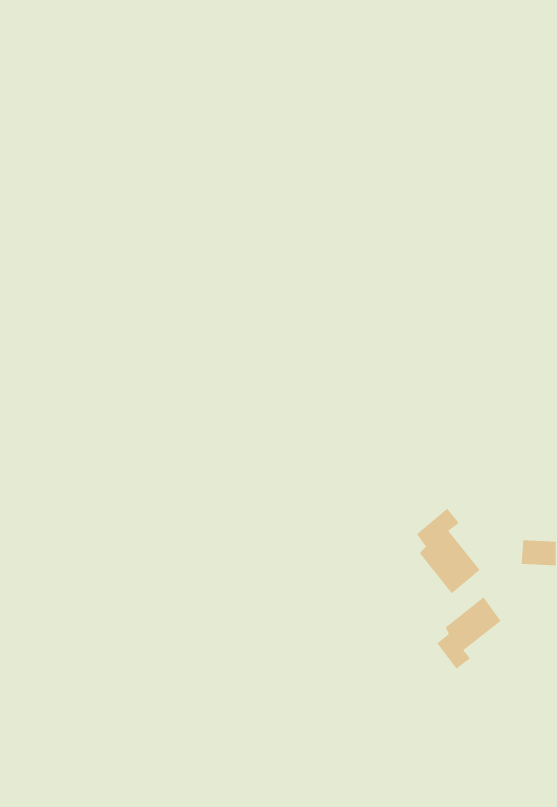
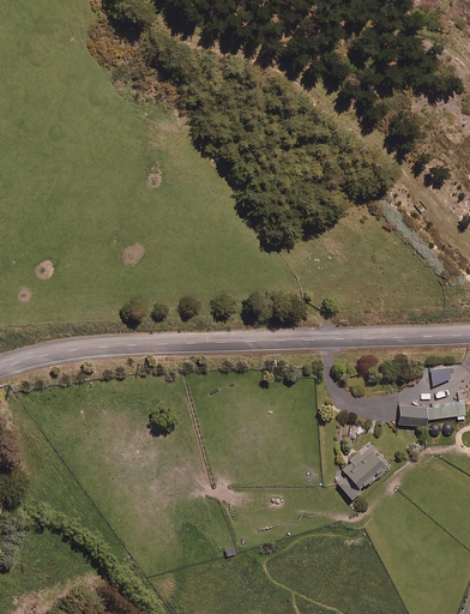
building: [416,508,481,594] -> none

